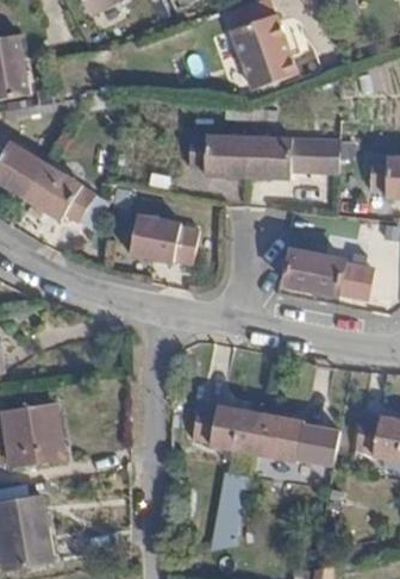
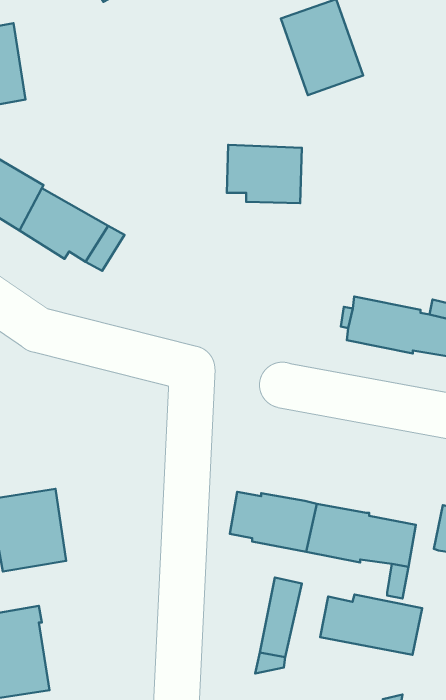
building: [248,132,339,179] -> none
building: [130,216,199,263] -> none
building: none -> [320,594,422,655]

